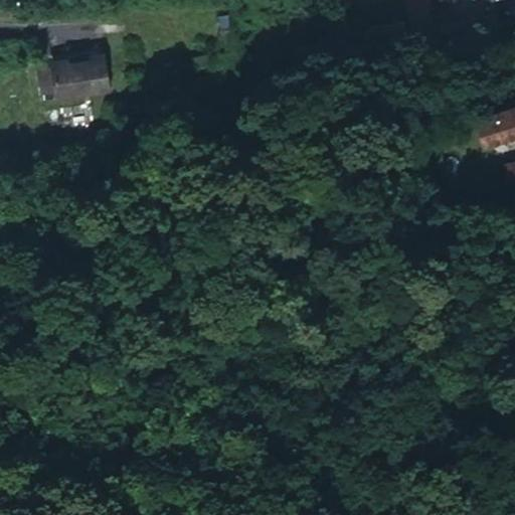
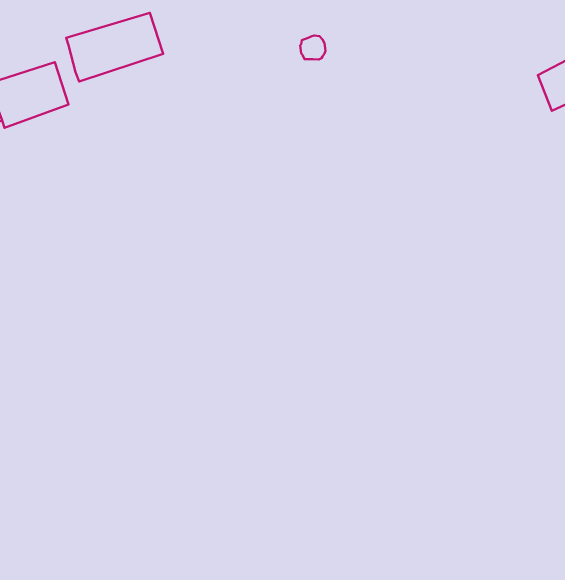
building: none -> [66,13,163,82]

